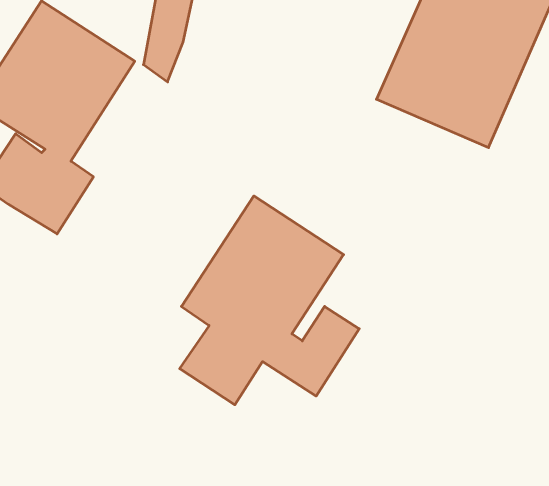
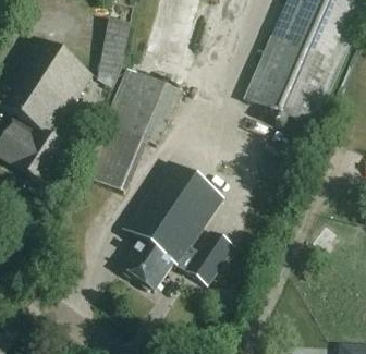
building: none -> [83,68,180,192]

